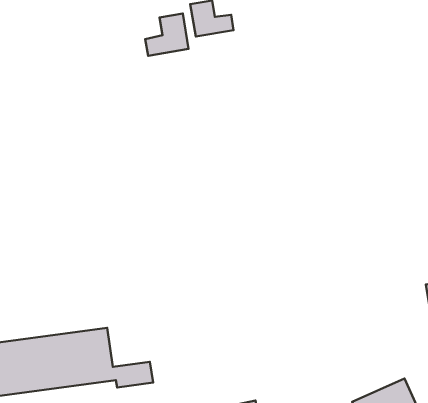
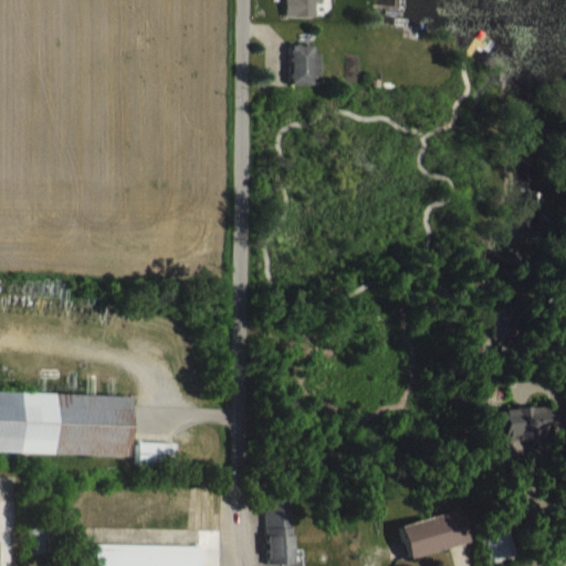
building: [145,14,189,56] -> none

